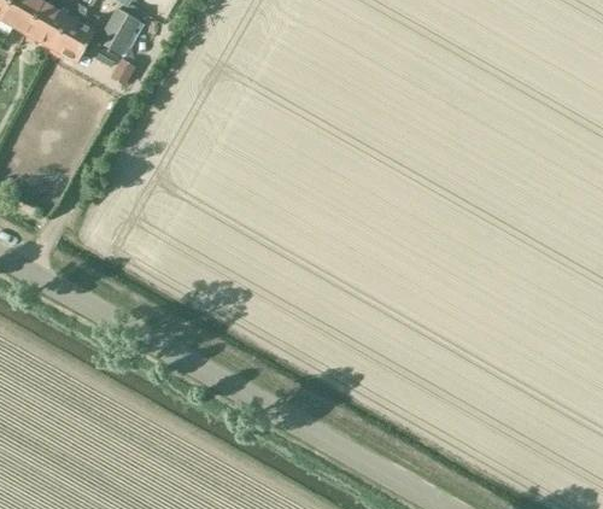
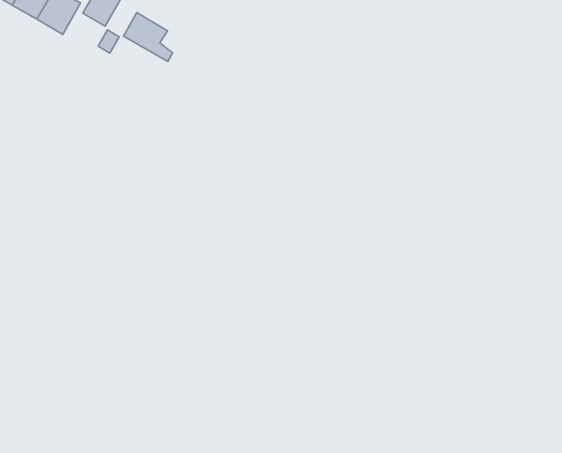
building: none -> [123,12,172,62]

